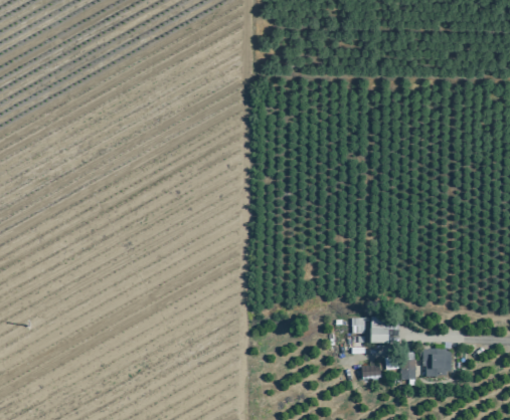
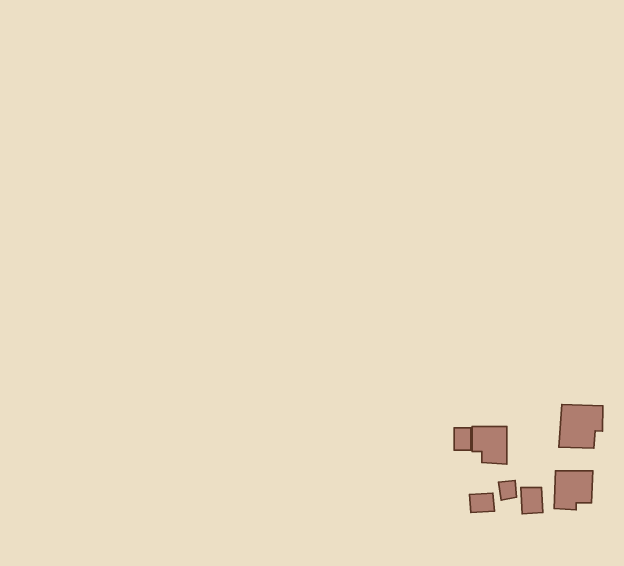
building: none -> [559,404,603,448]

